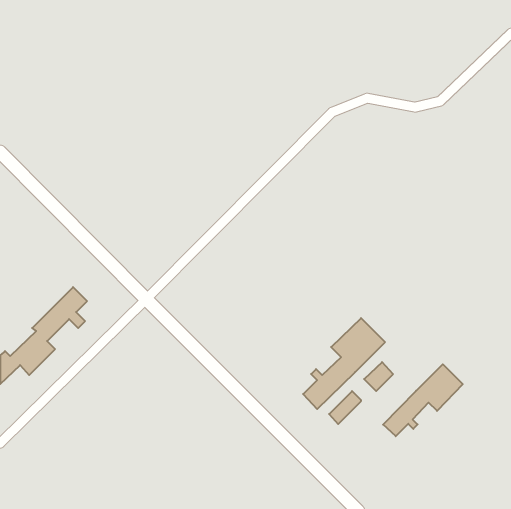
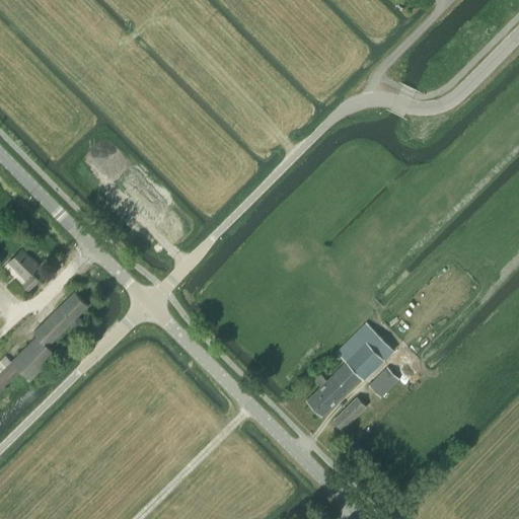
building: none -> [8,251,39,292]
building: [383,364,463,436] -> none

